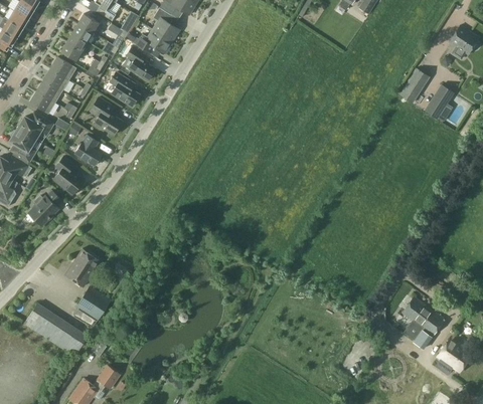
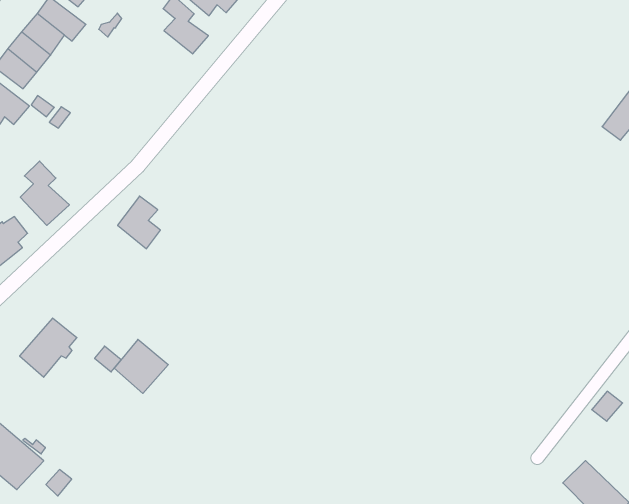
building: [110,72,140,106] -> none
building: [90,97,123,135] -> none
building: [75,135,102,166] -> [118,196,160,249]
building: [77,286,110,319] -> [114,339,168,393]

